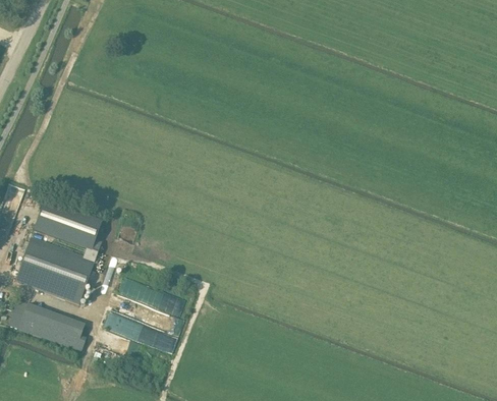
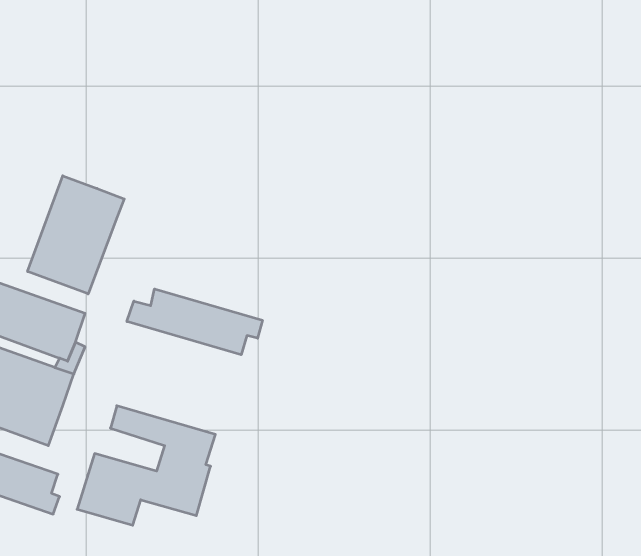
building: none -> [28,176,124,294]
building: none -> [127,289,262,355]

